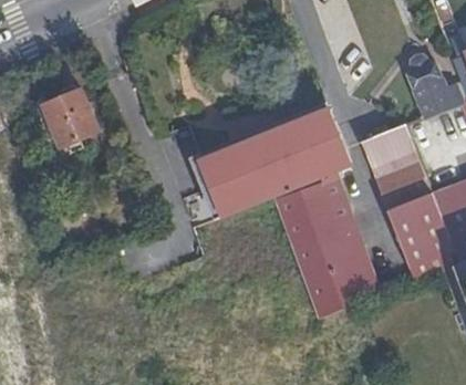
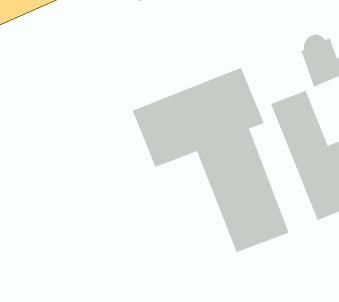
building: [43,87,97,155] -> none

